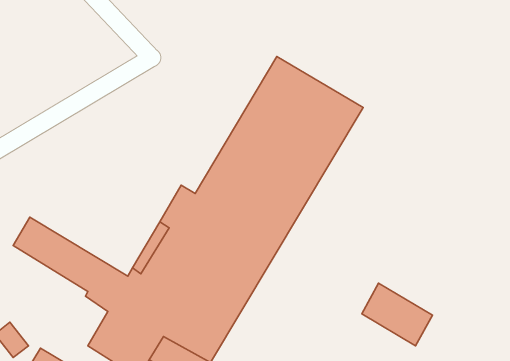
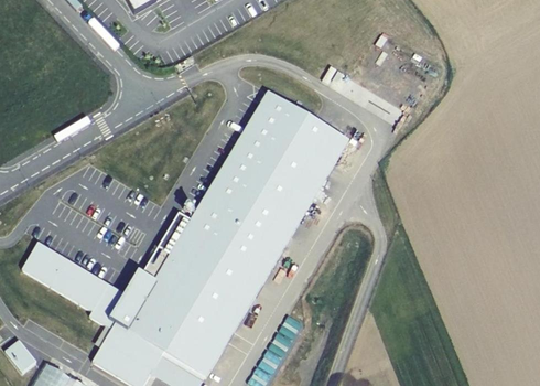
building: [362,283,433,346] -> none

